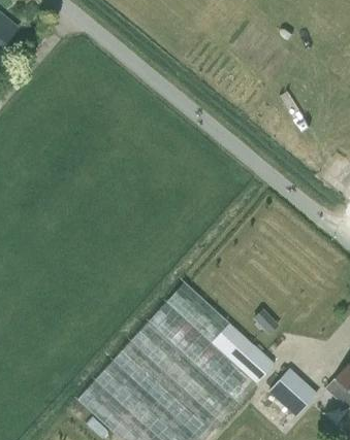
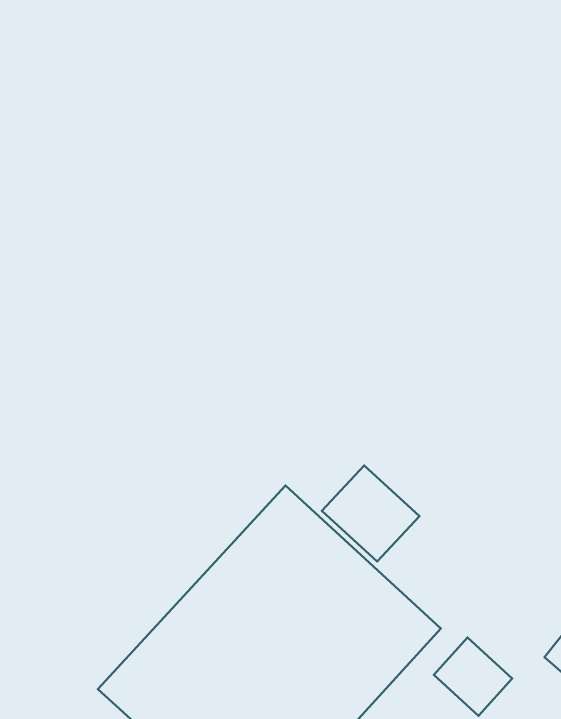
building: none -> [322,465,419,561]

